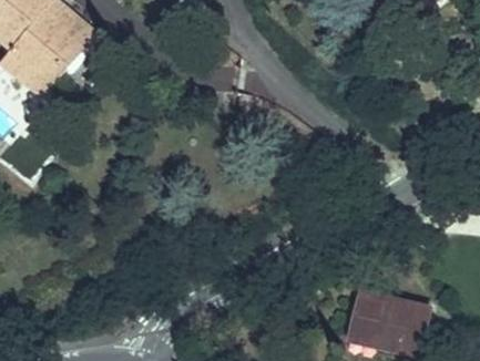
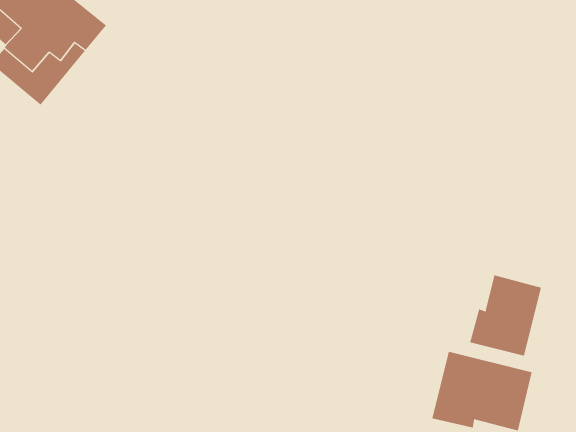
building: none -> [470,275,541,357]

